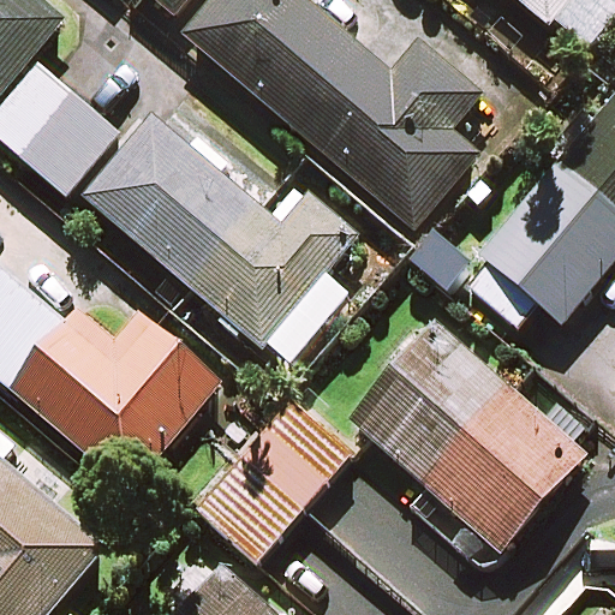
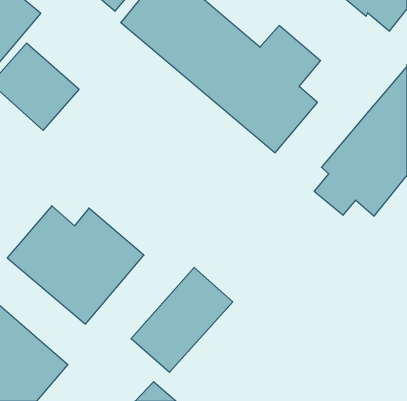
building: [80,113,356,346] -> none
building: [352,323,584,549] -> none

